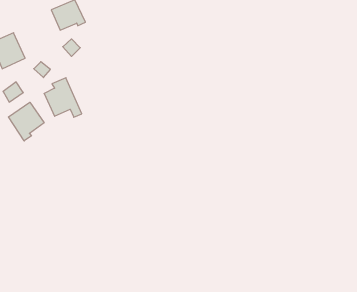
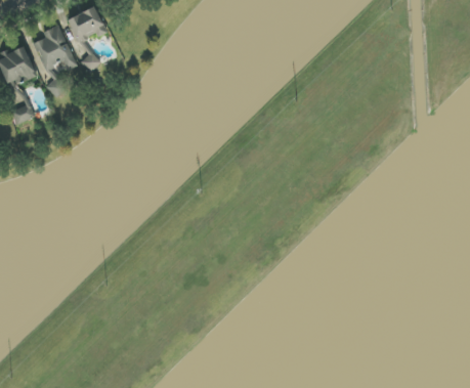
building: [44,78,82,117] -> [33,25,77,71]
building: [8,102,44,141] -> none

